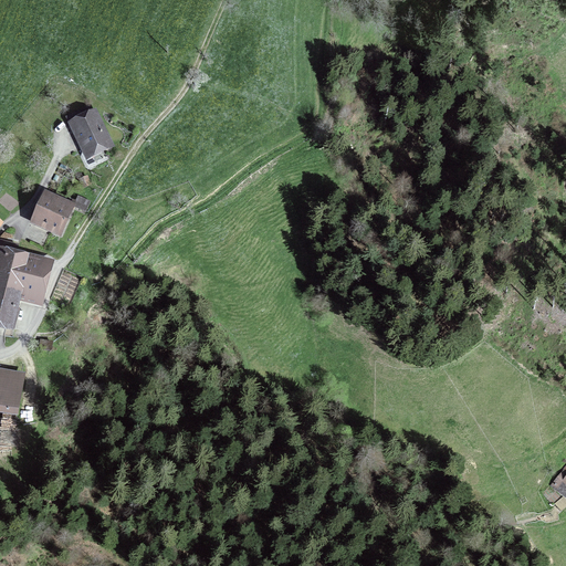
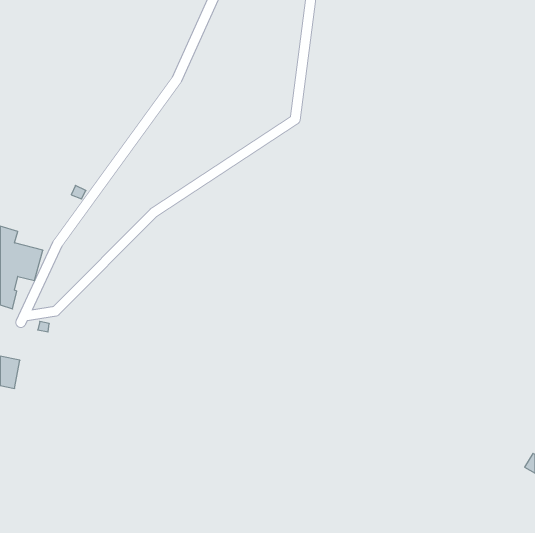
building: [67,106,108,153] -> none
building: [35,199,70,231] -> none

